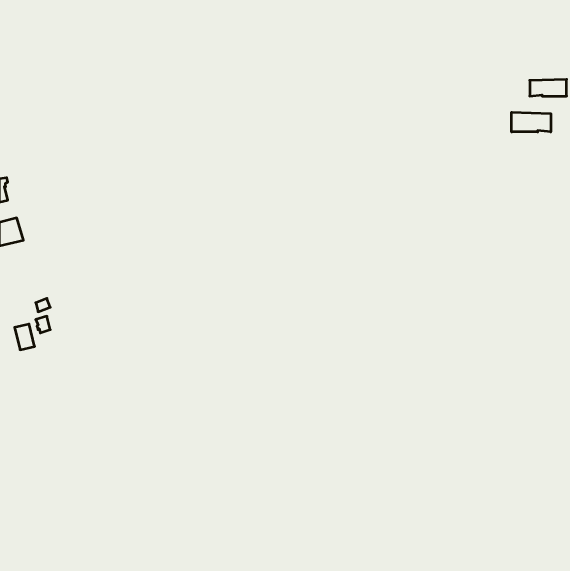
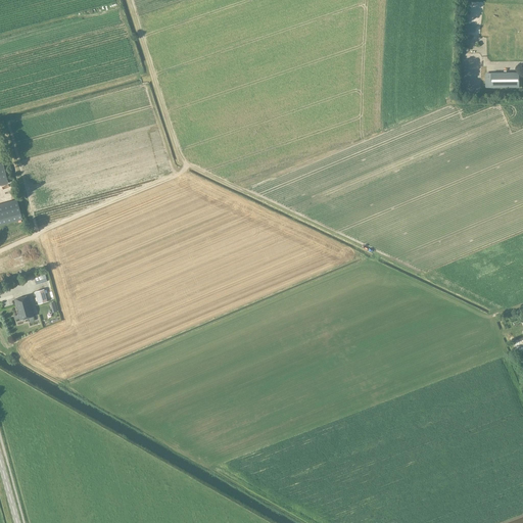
building: [512,112,551,132] -> none

